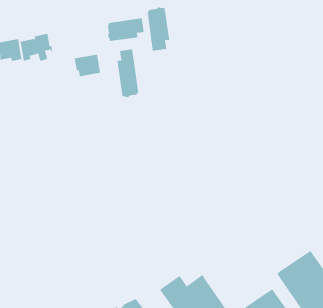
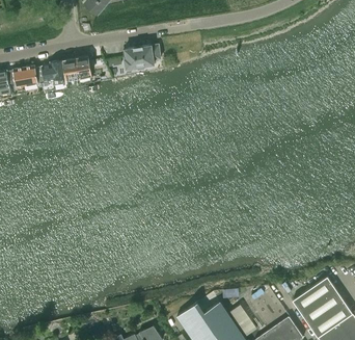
building: [147,6,170,51] -> none
building: [117,49,139,98] -> none
building: [74,54,101,77] -> [63,55,90,78]

